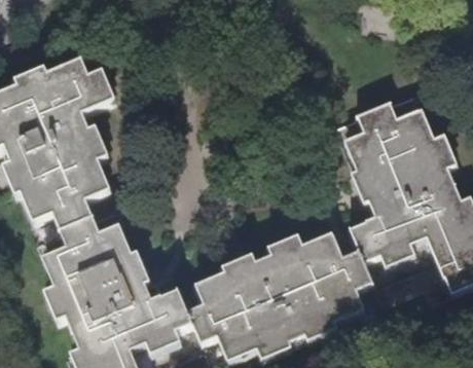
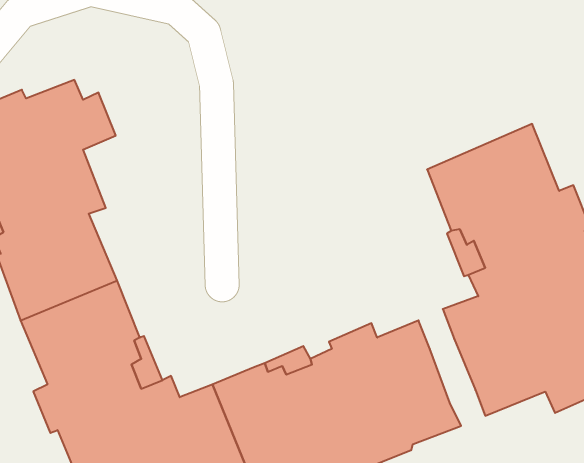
building: [340,249,373,295] -> none

